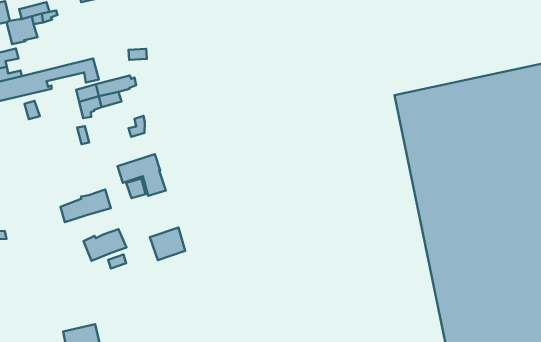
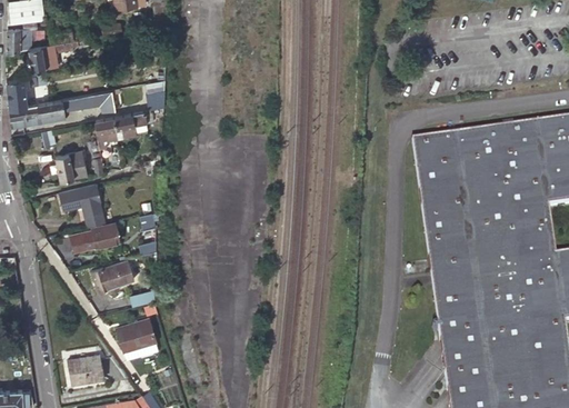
building: none -> [56,150,86,179]
building: [118,154,166,196] -> [59,185,106,226]
building: [150,228,185,260] -> [120,318,154,349]

